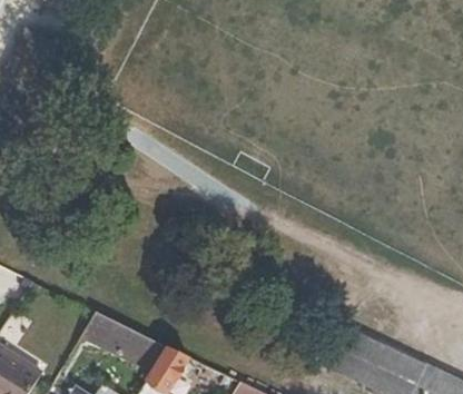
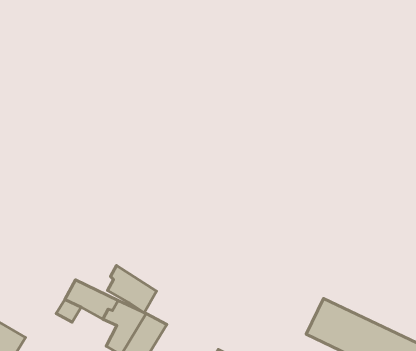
building: none -> [107,266,157,313]

